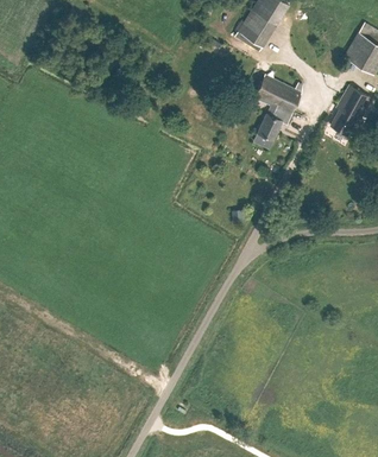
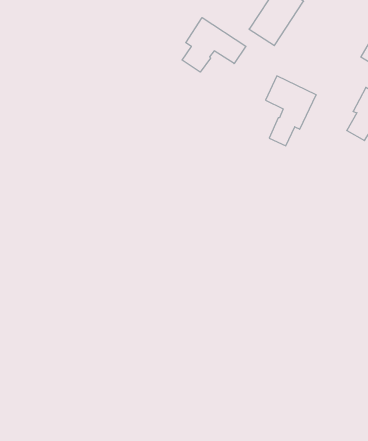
building: none -> [182,18,246,72]

